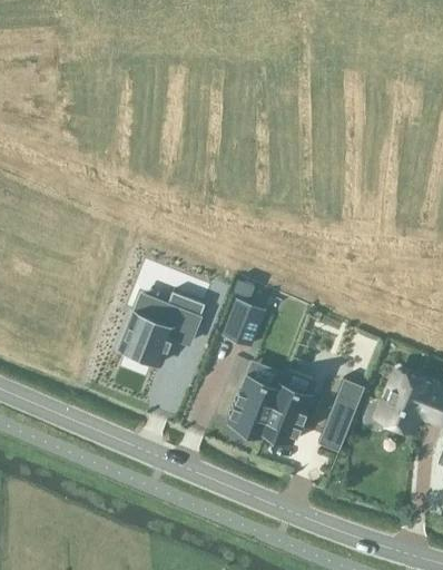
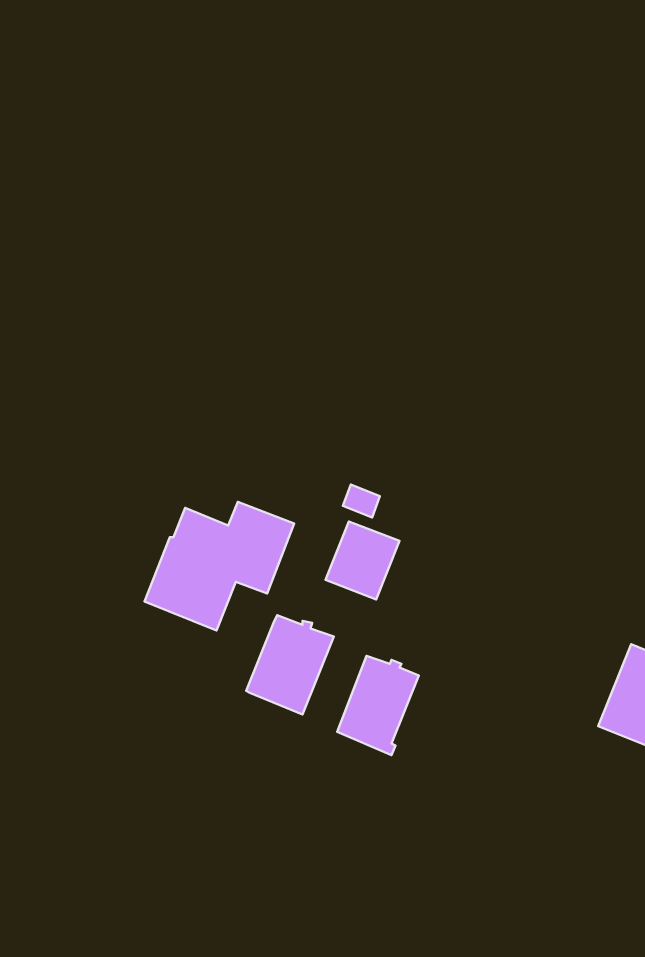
building: [317,377,364,451] -> none
building: [260,383,311,440] -> [246,615,334,714]

